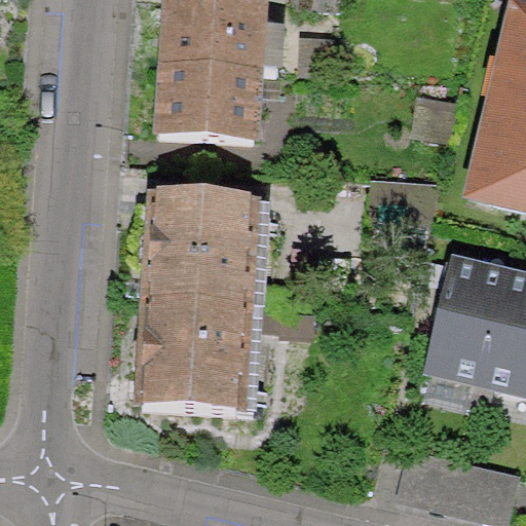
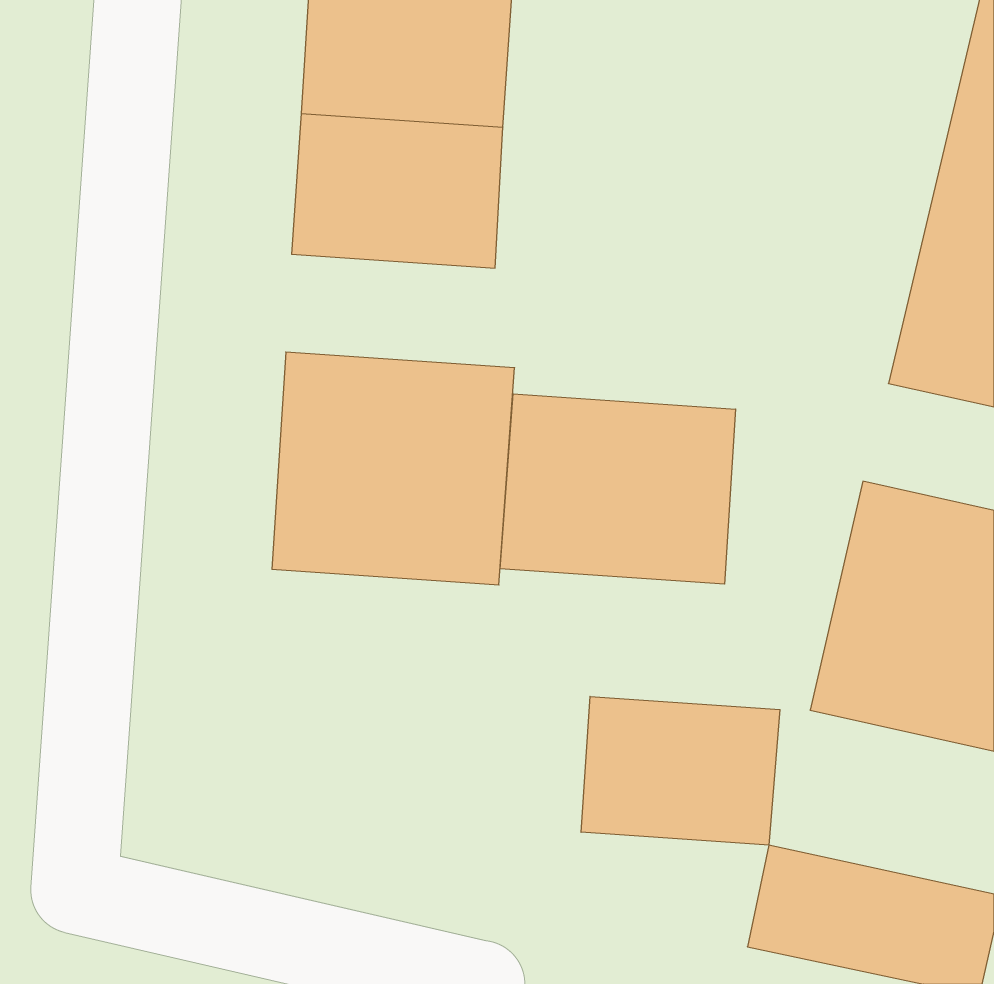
building: none -> [500,394,736,584]
building: [136,299,262,415] -> none
building: none -> [581,696,780,845]

